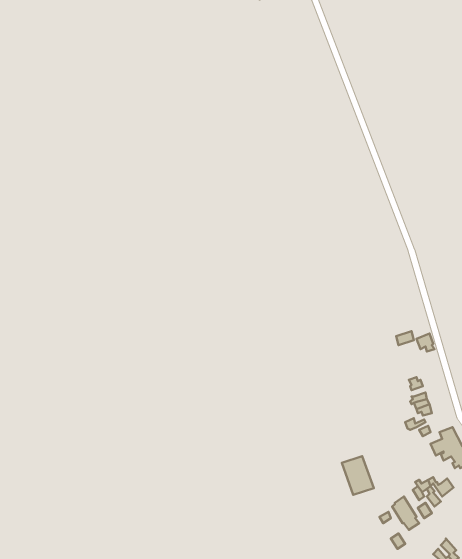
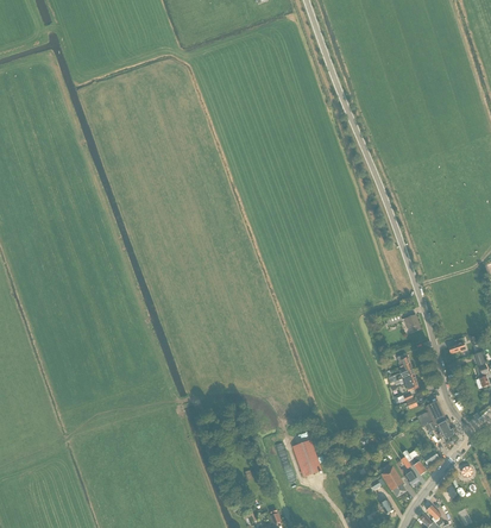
building: [342,456,374,495] -> [292,440,322,476]

